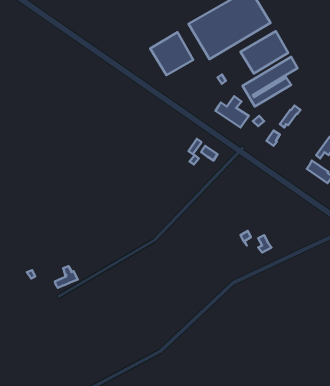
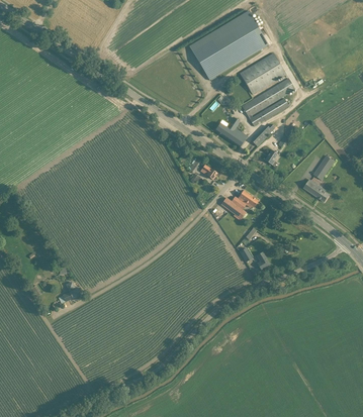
building: [150,32,193,75] -> none
building: none -> [220,190,258,219]

